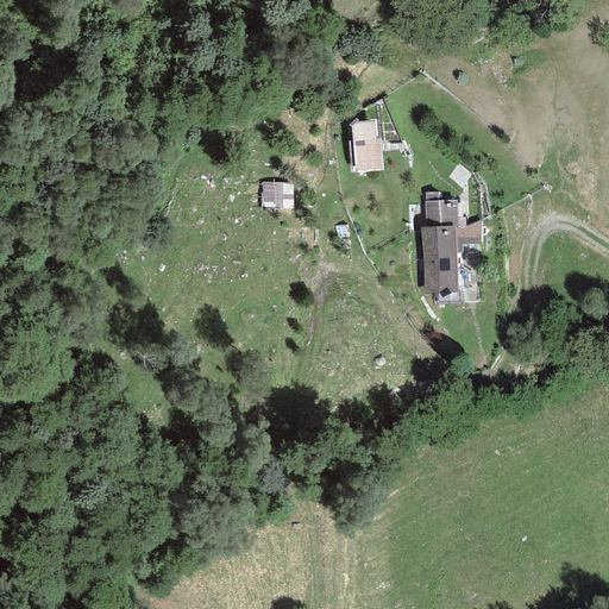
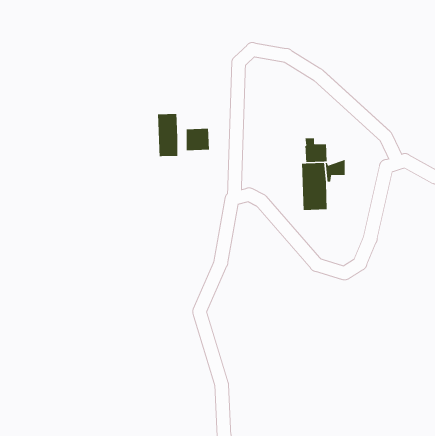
building: [352,120,383,171] -> none
building: none -> [157,113,178,157]

